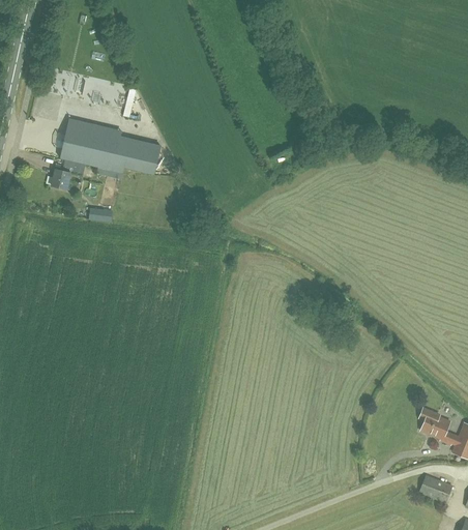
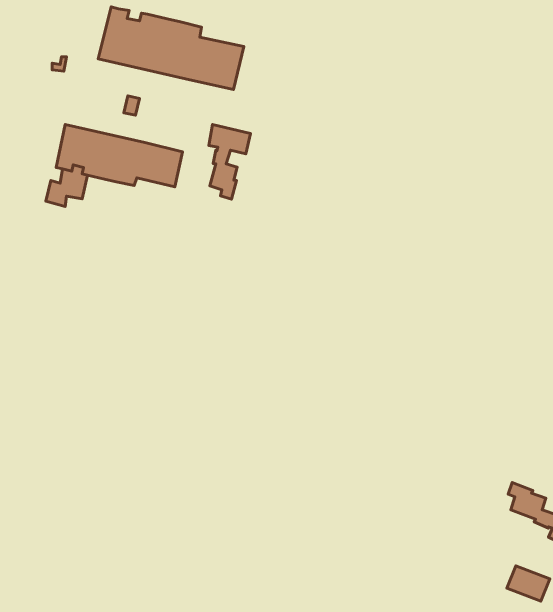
building: none -> [98,7,244,89]
building: none -> [209,124,251,199]

